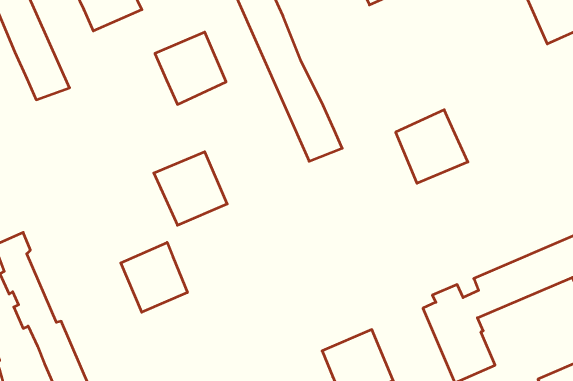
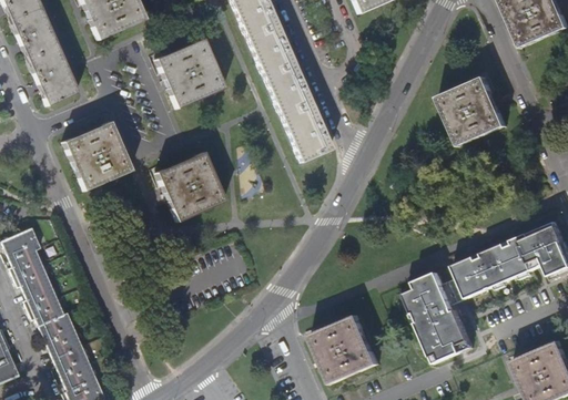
building: [396,110,468,183] -> [439,78,507,146]
building: none -> [61,117,130,186]
building: [121,242,187,312] -> none

